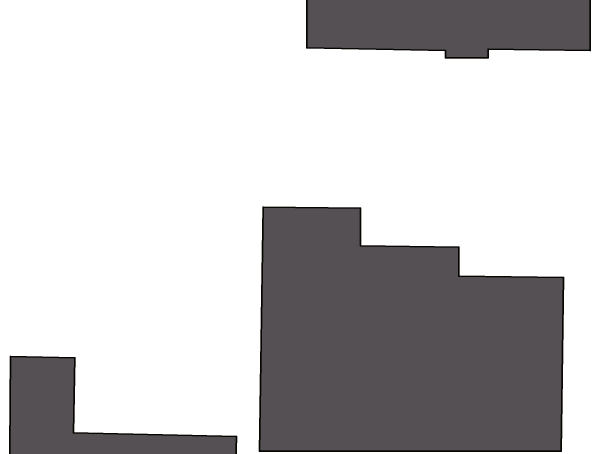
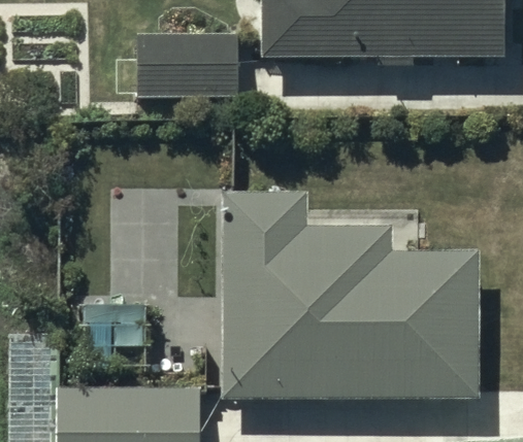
building: none -> [137,31,239,95]

